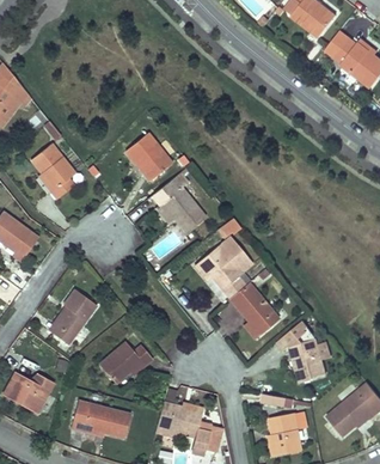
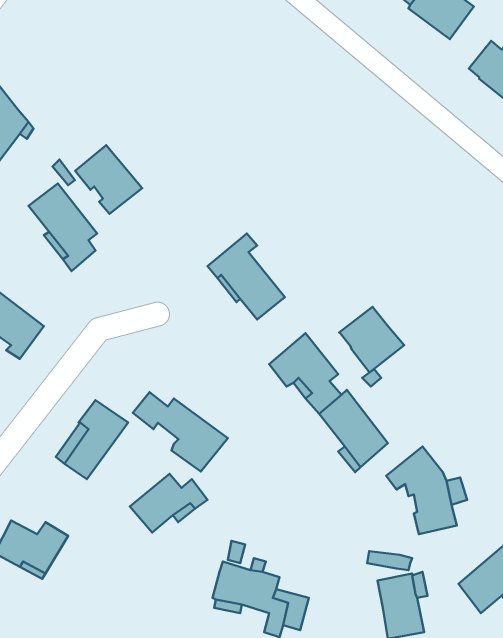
building: [125,133,172,181] -> [75,145,142,214]
building: none -> [339,307,404,372]
building: none -> [133,392,228,471]
building: [69,398,129,438] -> none

